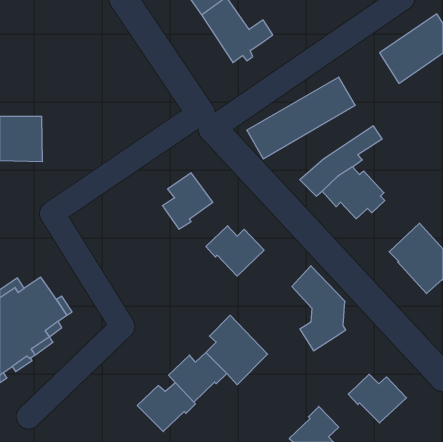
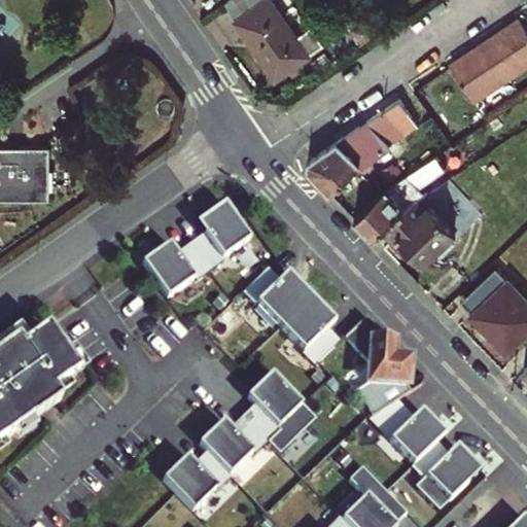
building: none -> [144,244,212,298]
building: none -> [281,296,342,368]
building: none -> [368,399,447,465]

